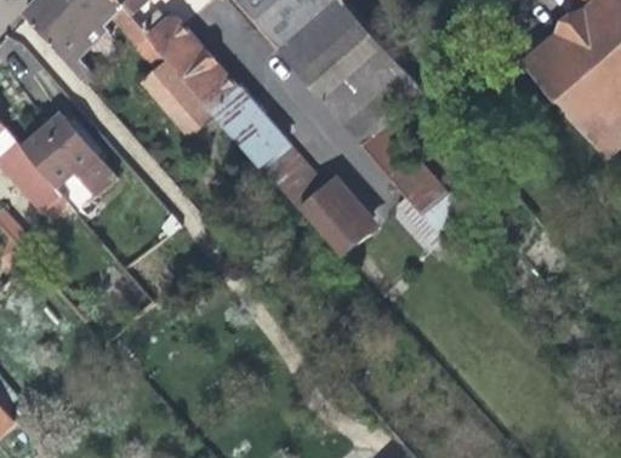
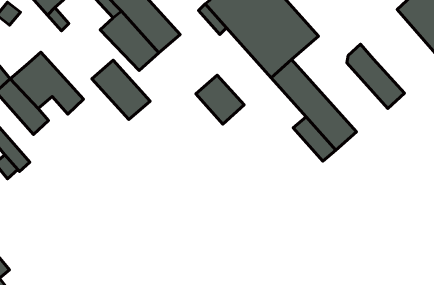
building: [212,90,289,167] -> [92,60,150,120]
building: none -> [347,44,404,109]
building: [296,173,380,256] -> none

